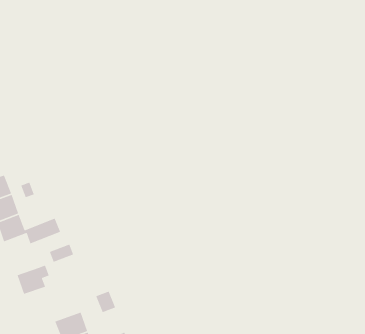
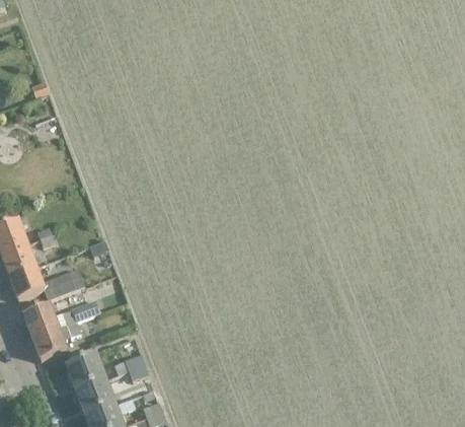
building: none -> [22,303,57,336]
building: none -> [66,353,106,389]

